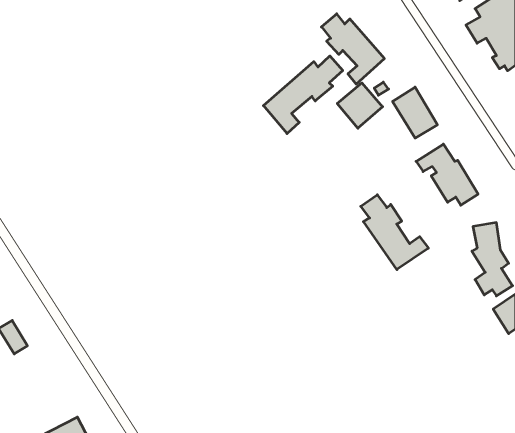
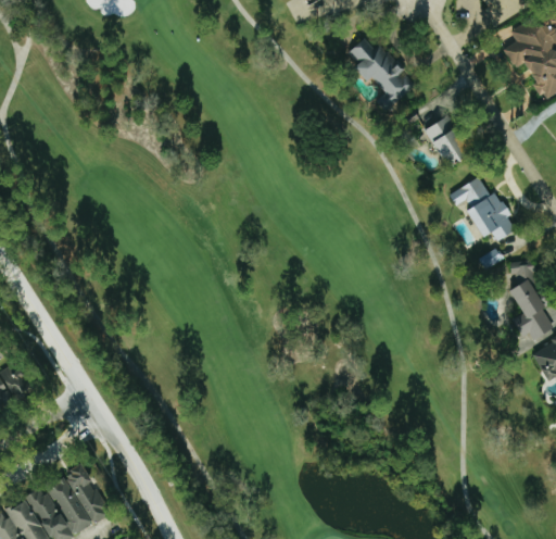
building: [263,56,343,134] -> none
building: [337,83,383,128] -> none
building: [361,195,428,270] -> none

